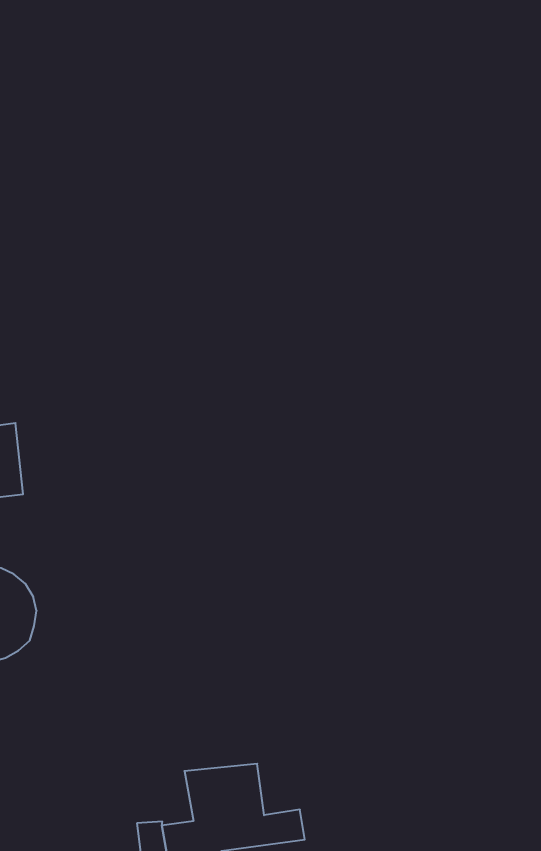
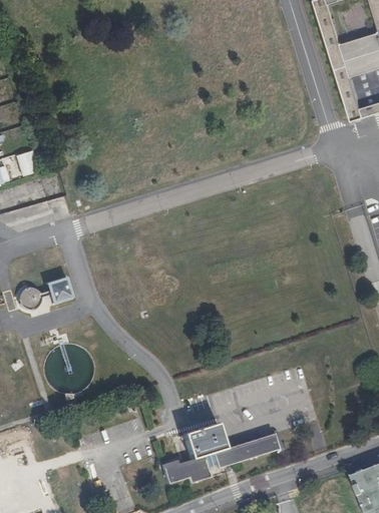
building: none -> [248,433,283,457]

